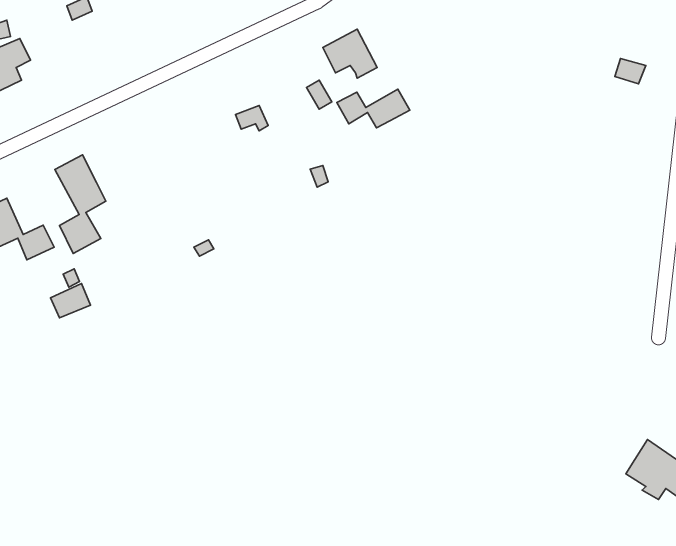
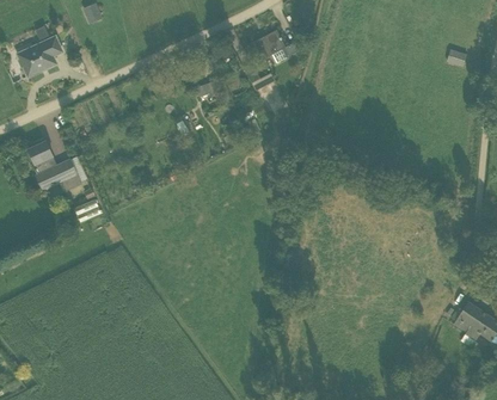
building: [337,89,410,128] -> none
building: [55,155,106,254] -> none

